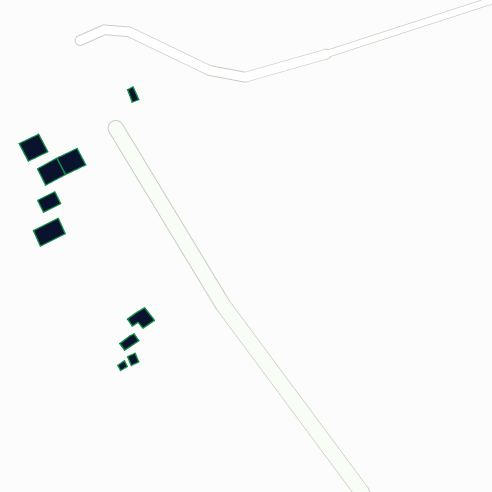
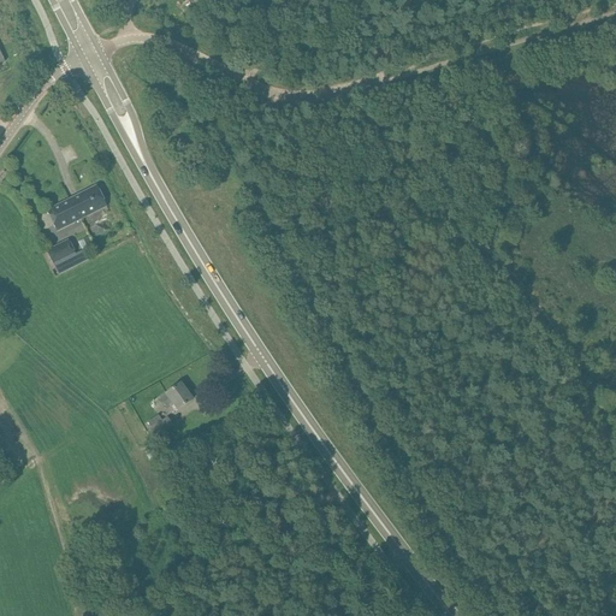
building: [19,134,48,161] -> none
building: [34,218,65,246] -> none

